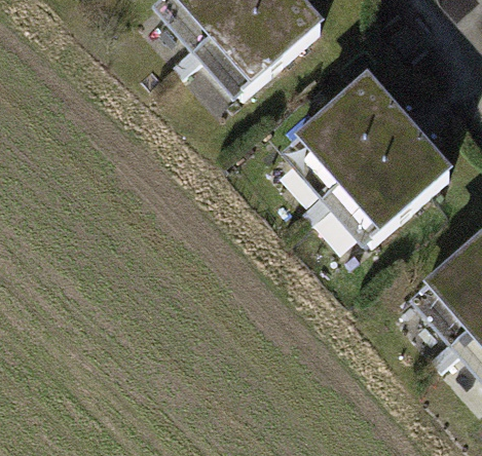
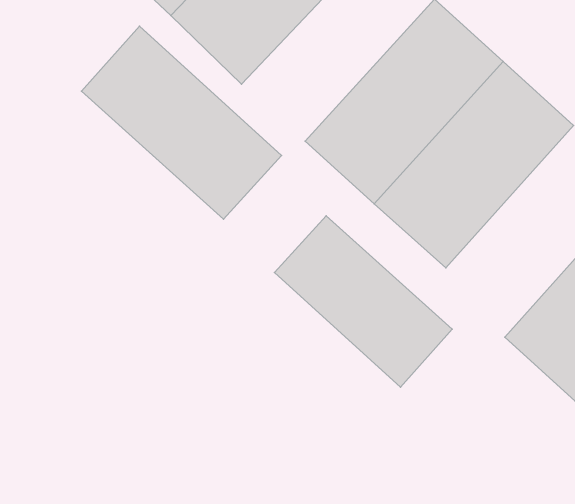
building: none -> [82,26,282,219]
building: none -> [275,216,452,387]

